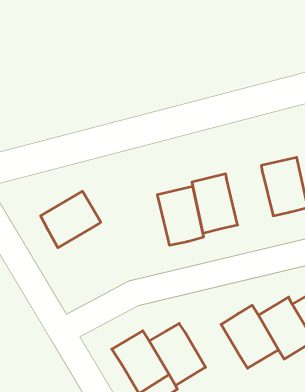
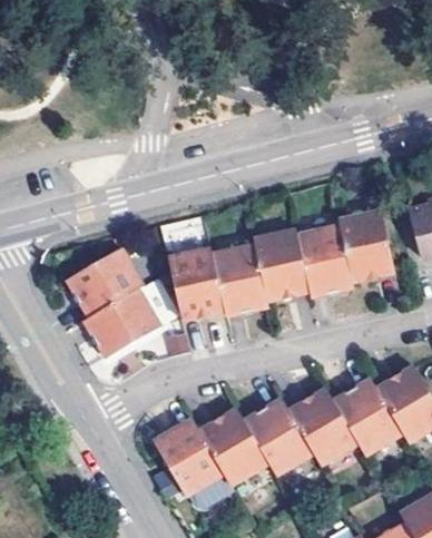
building: none -> [295,225,353,296]
building: none -> [167,248,224,320]
building: none -> [85,290,158,358]
building: none -> [244,399,313,476]

